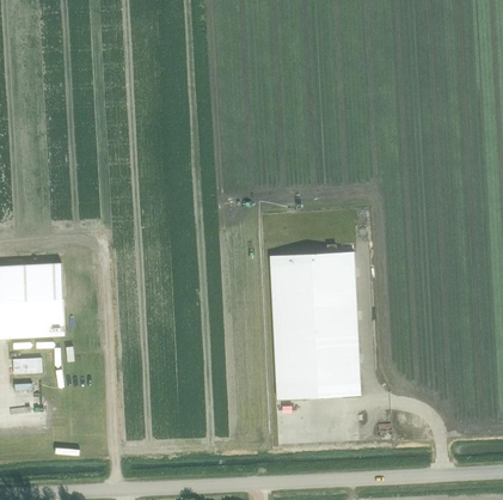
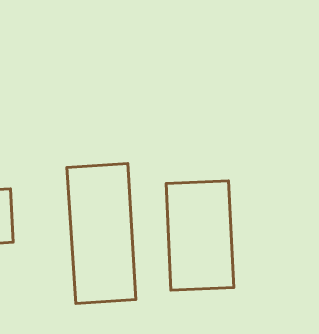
building: none -> [67,163,136,303]

